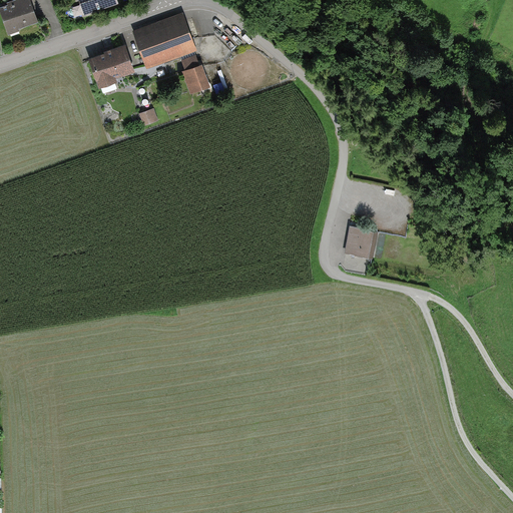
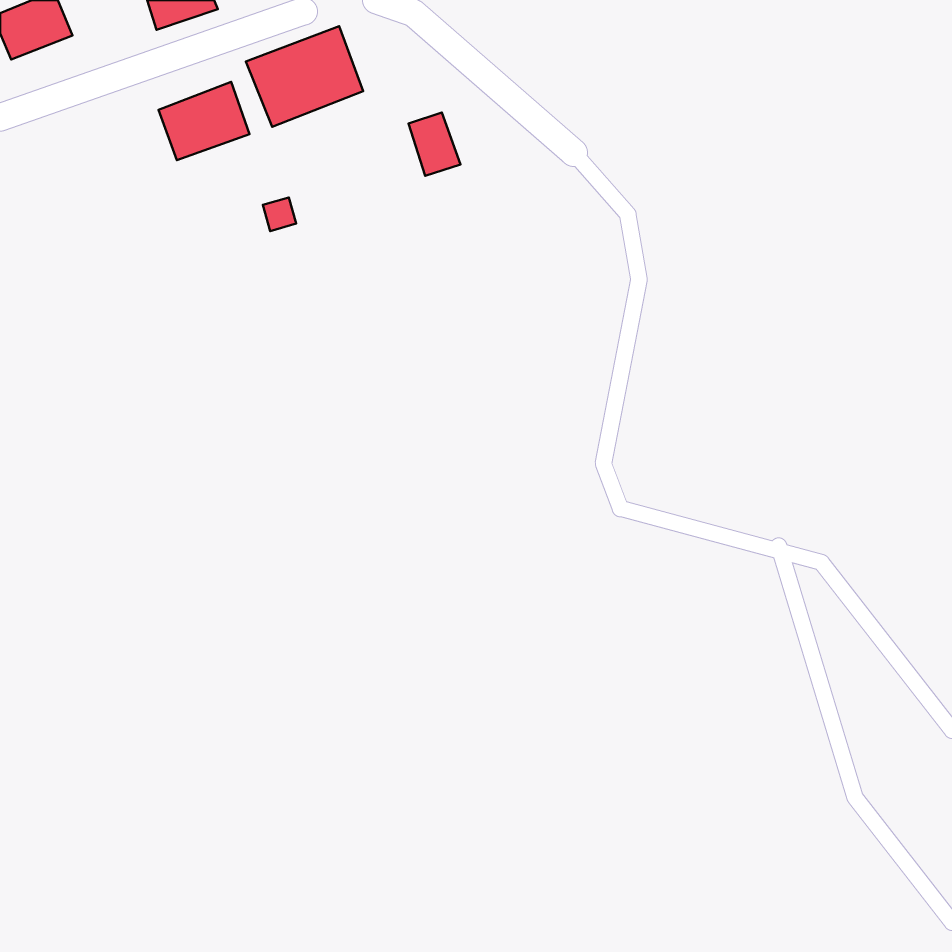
building: [181,56,209,90] -> [408,112,461,176]
building: [344,227,377,260] -> none

